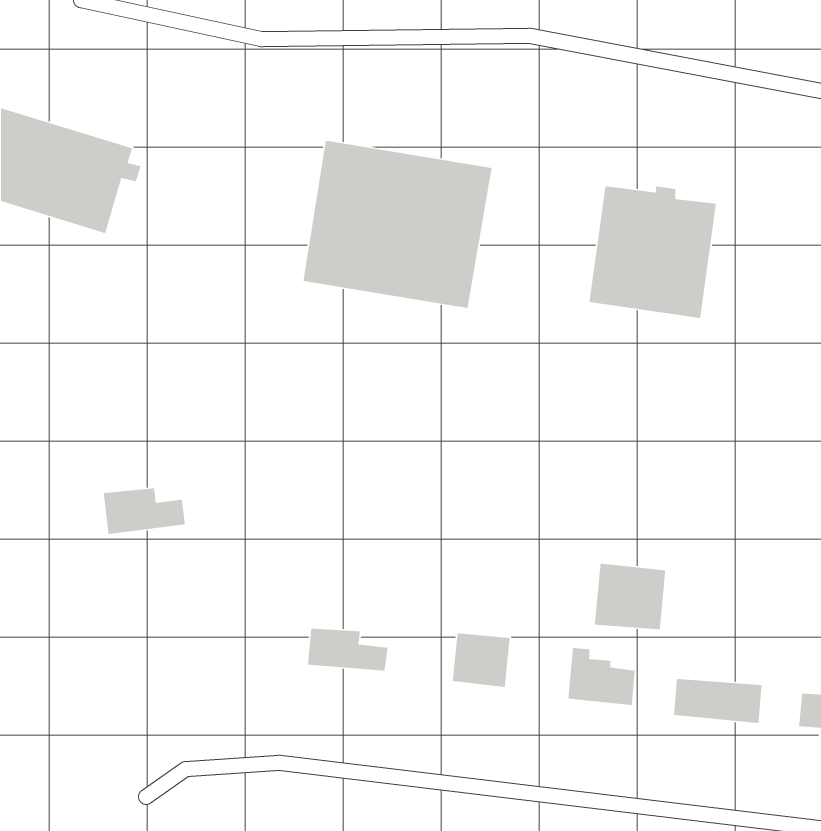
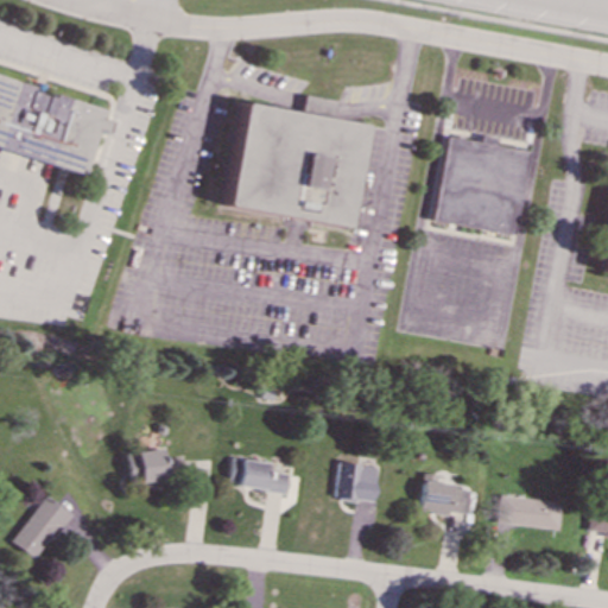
building: [103,488,186,535] -> [129,448,190,482]
building: [594,563,666,630] -> none
building: none -> [14,494,72,559]

